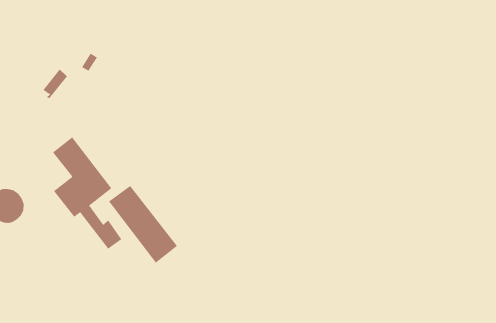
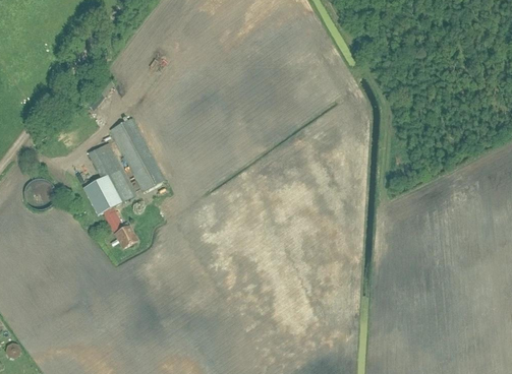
building: [108,185,178,263] -> [109,118,164,191]

